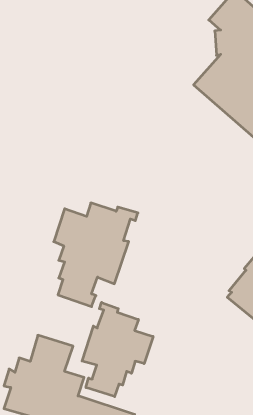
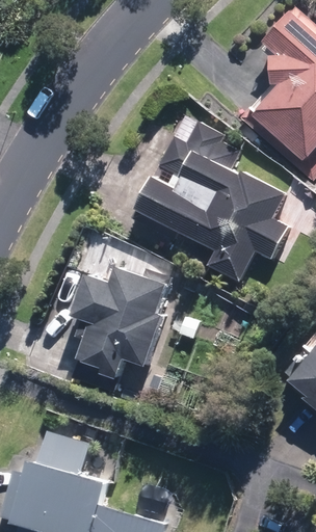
building: none -> [132,123,289,283]
building: [82,302,153,397] -> none

